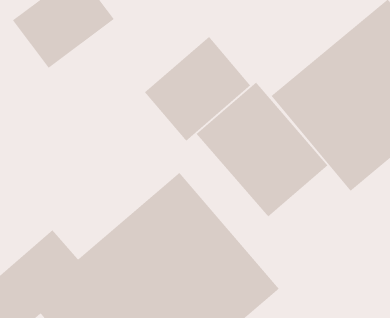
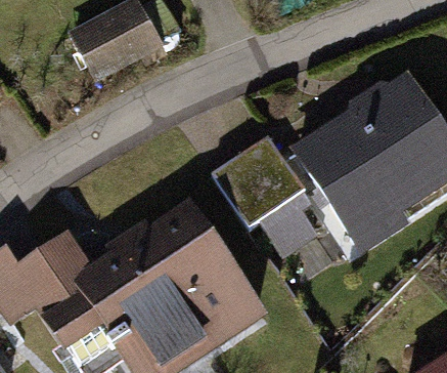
building: [144,36,251,142] -> none

